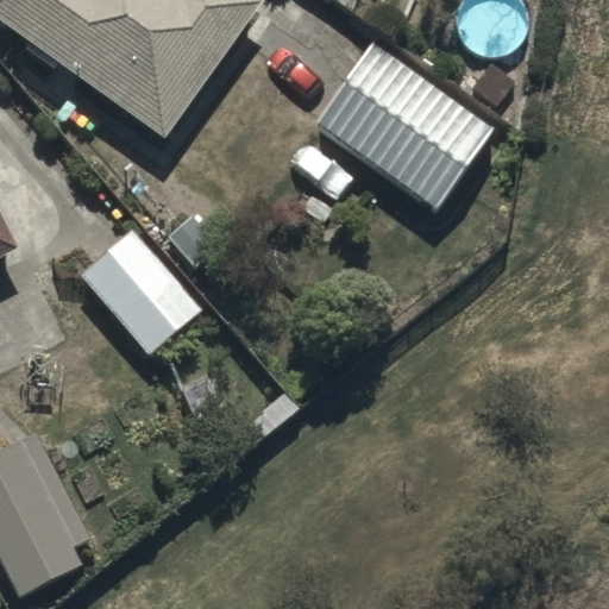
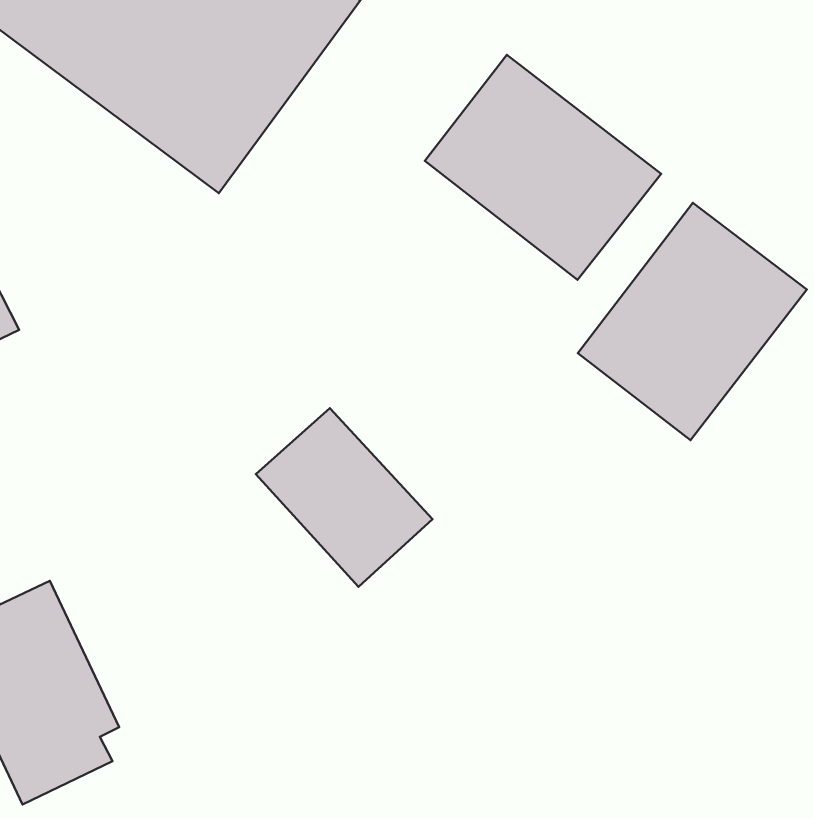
building: none -> [578,203,807,440]
building: [73,224,203,356] -> [256,408,433,587]

